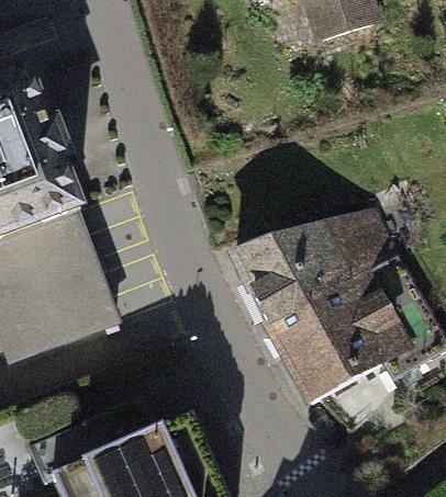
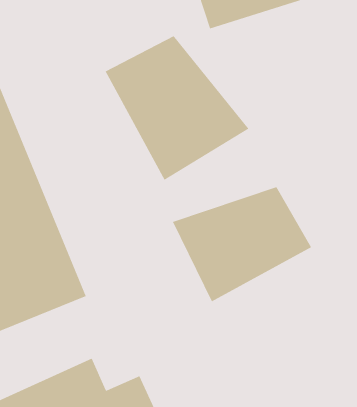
building: none -> [104,35,250,181]
building: [268,279,417,408] -> none

